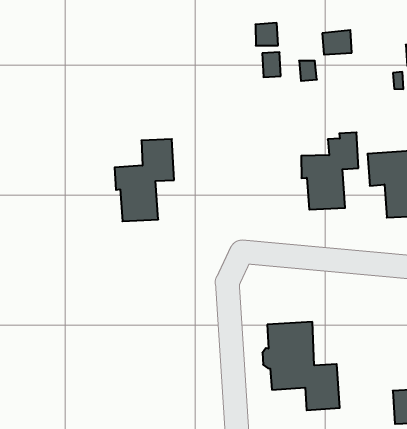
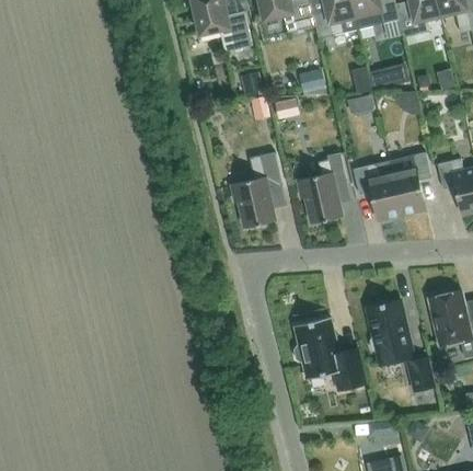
building: [115,139,174,221] -> [231,152,282,228]
building: none -> [366,300,414,364]

